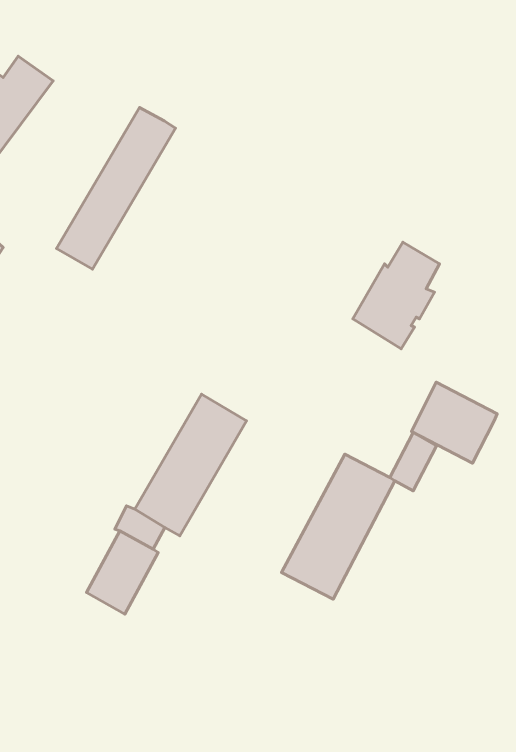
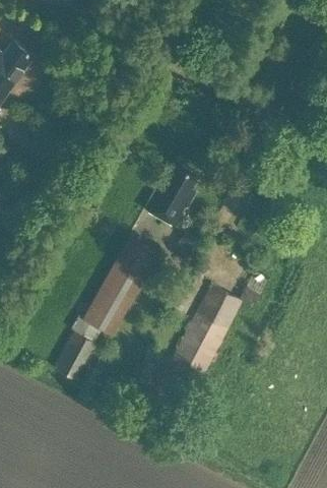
building: [56,108,176,269] -> none
building: [353,242,439,349] -> [146,163,199,228]
building: [411,382,497,463] -> none

